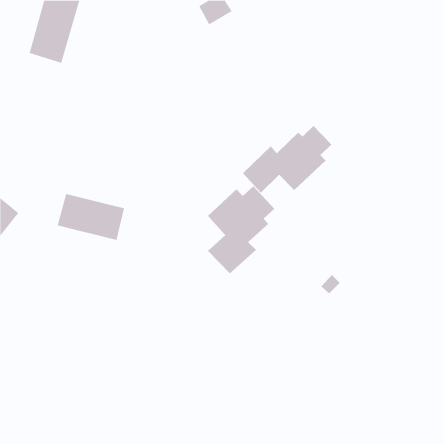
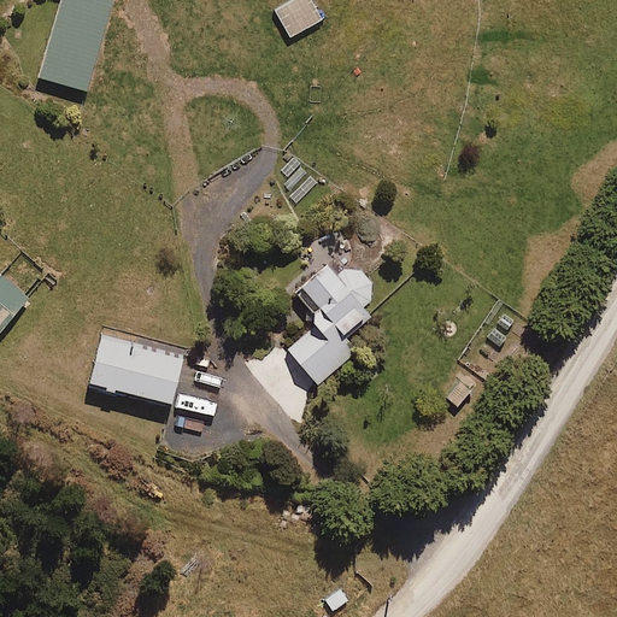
building: [242,125,332,193] -> none
building: [57,193,125,240] -> [87,340,181,405]

